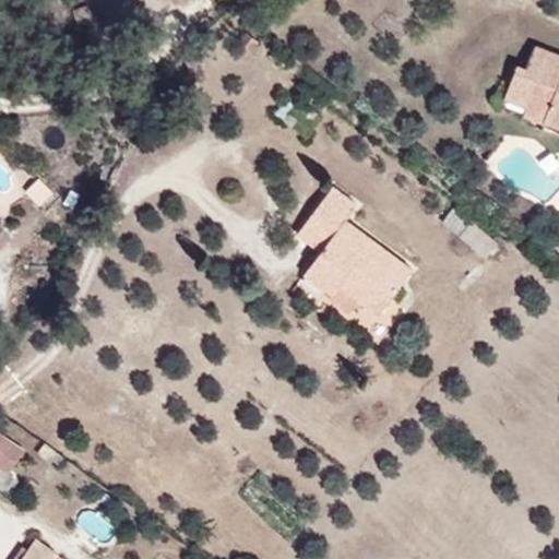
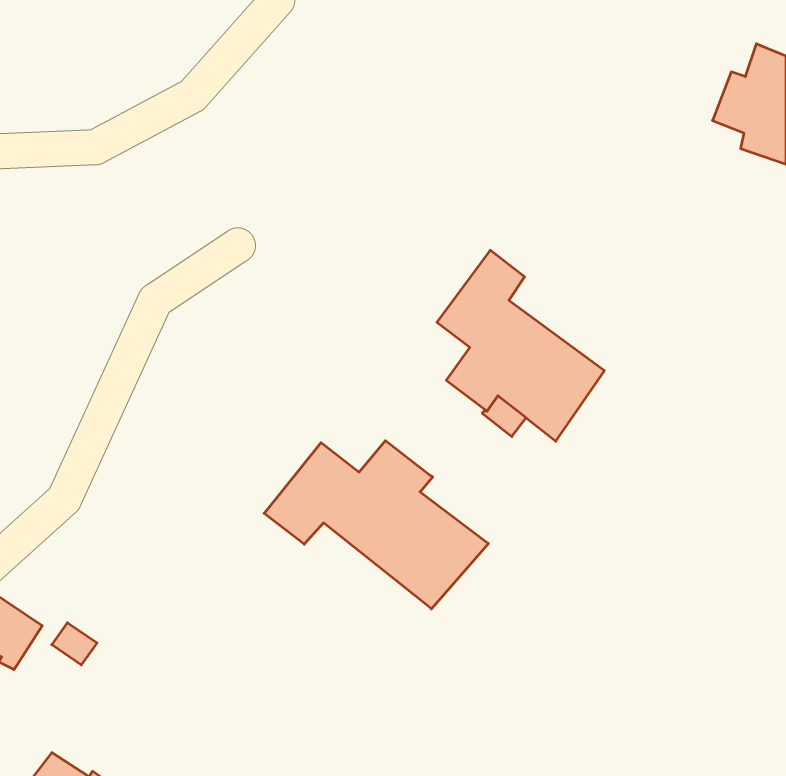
building: none -> [264,441,488,609]

